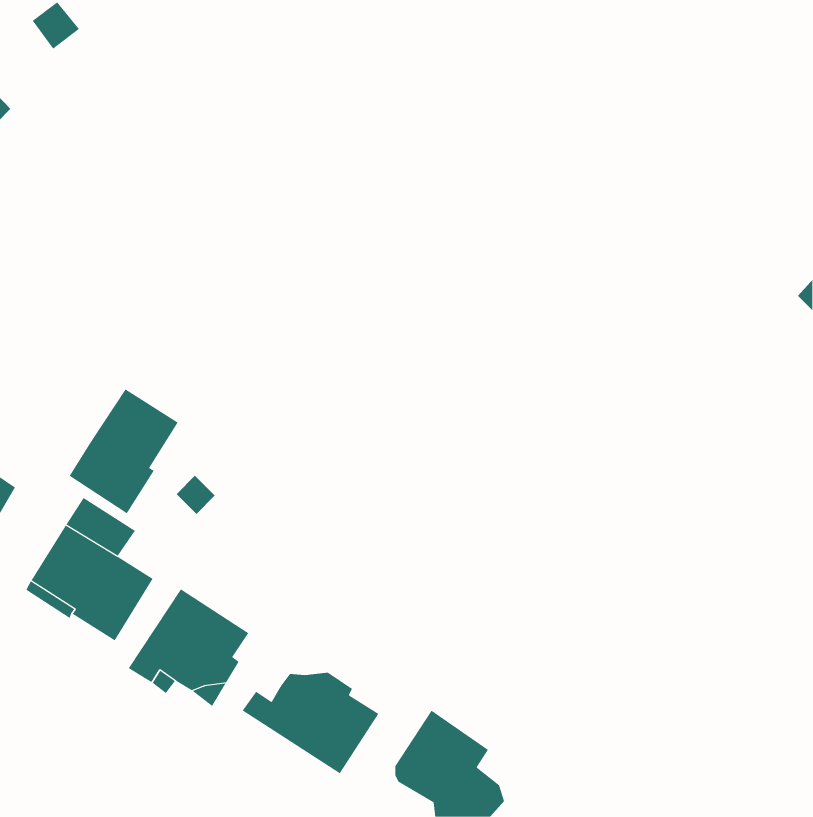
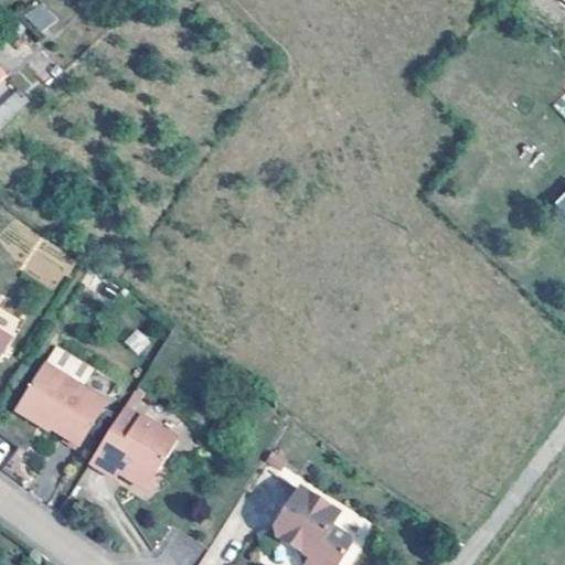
building: [69,388,178,514] -> none
building: [242,672,379,774] -> none

